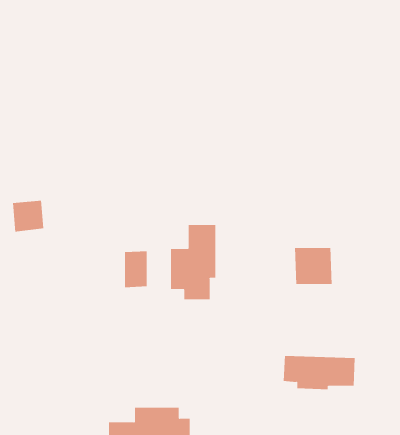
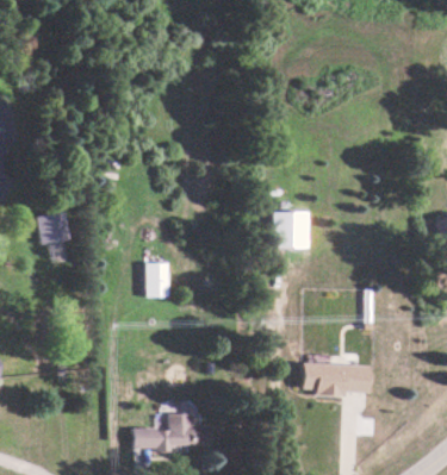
building: [170,224,216,300] -> none
building: [294,248,332,284] -> [271,212,308,248]

